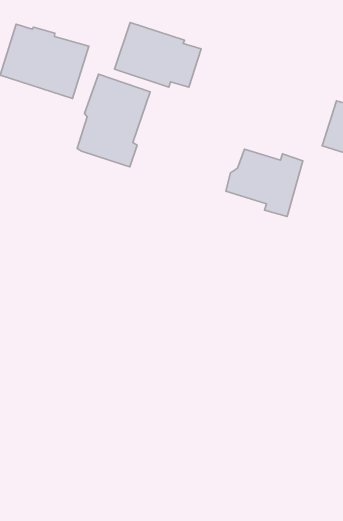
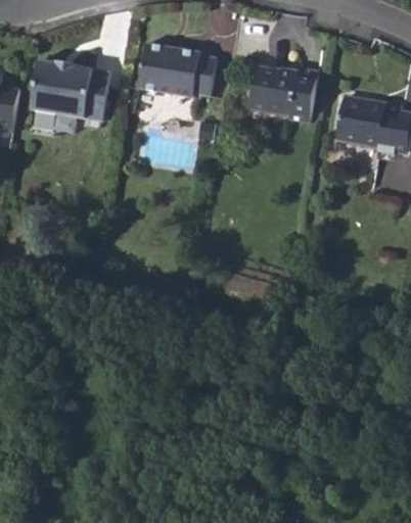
building: [77,74,150,167] -> none
building: [226,149,303,216] -> [248,69,316,127]

